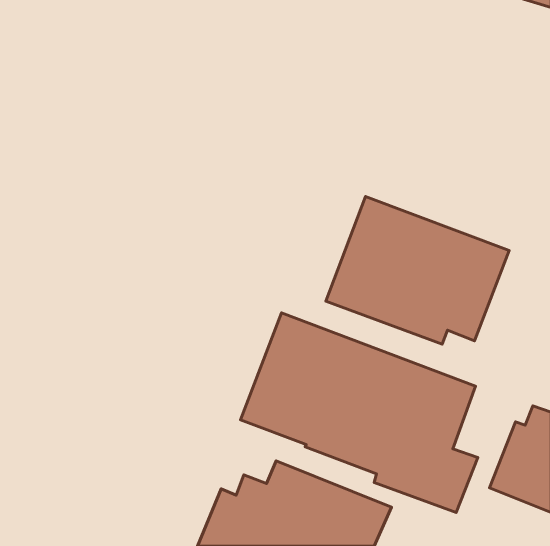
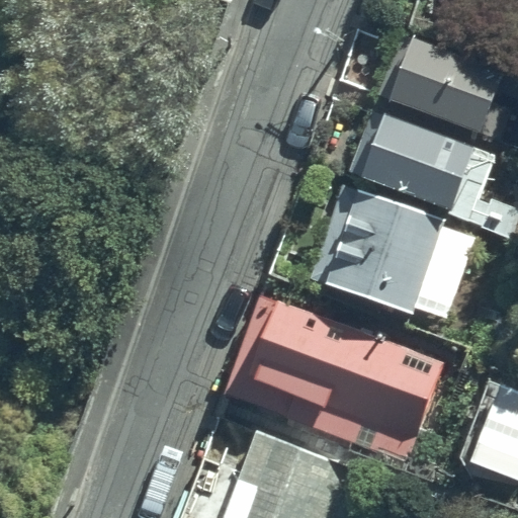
building: none -> [383,35,510,140]
building: none -> [347,106,501,225]

